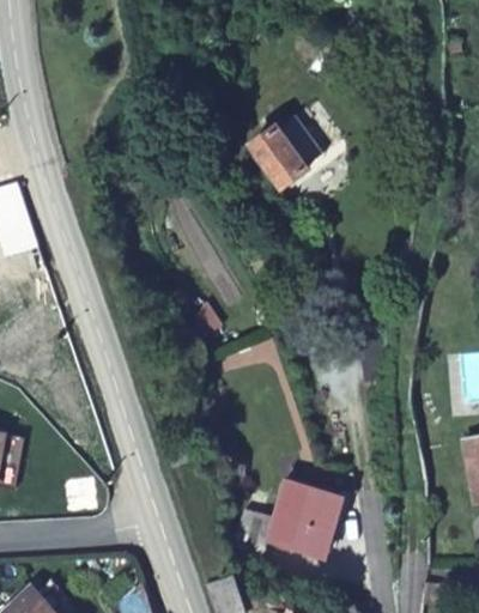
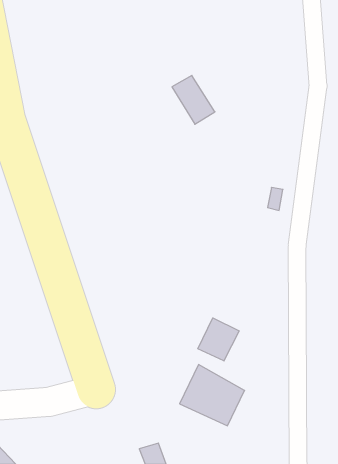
building: none -> [198,318,239,361]

